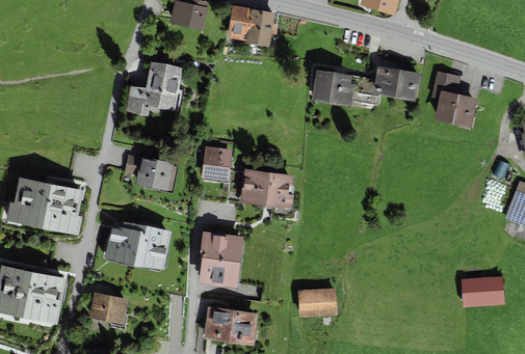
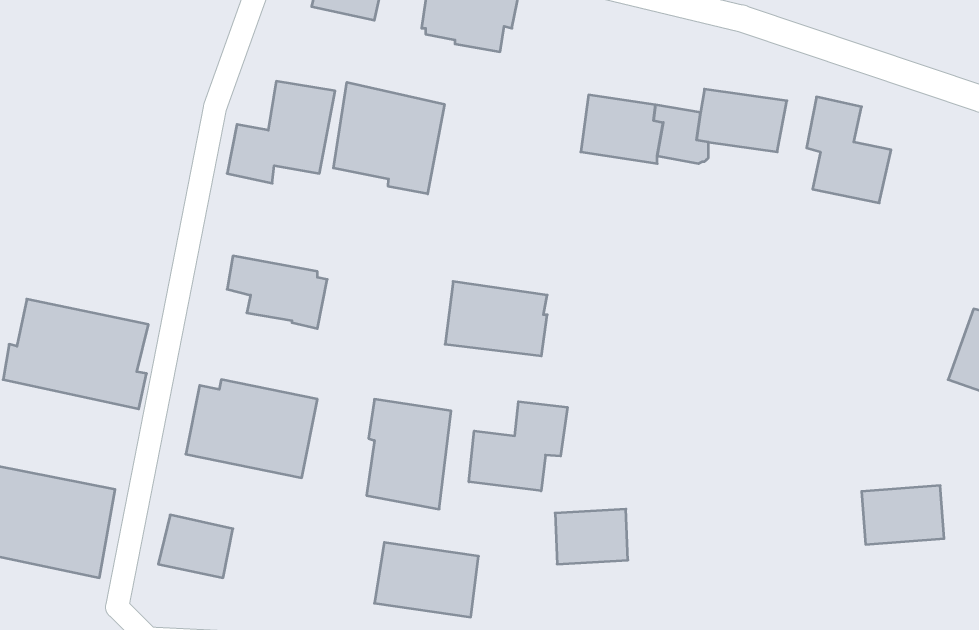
building: none -> [333,82,444,194]
building: [201,146,232,182] -> none
building: none -> [469,402,567,491]

